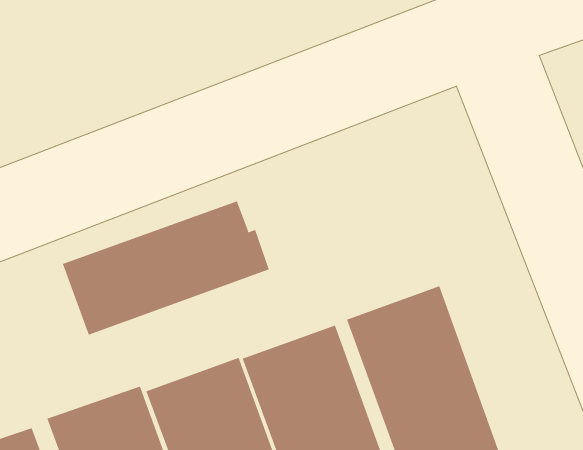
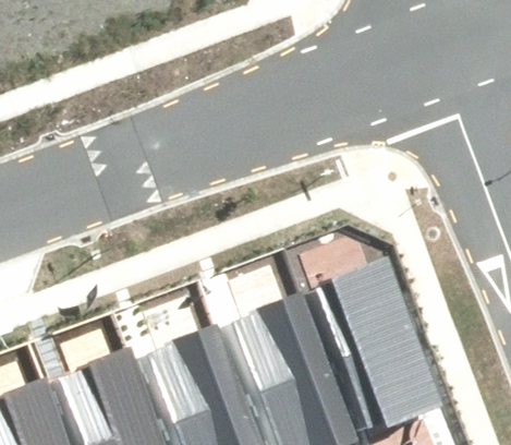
building: [62,201,270,336] -> none

